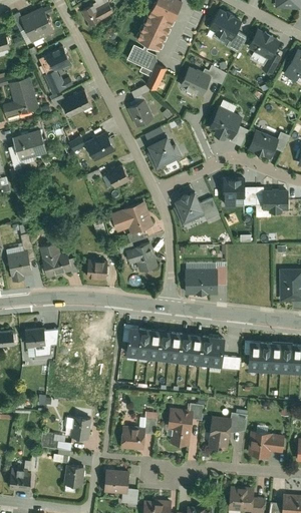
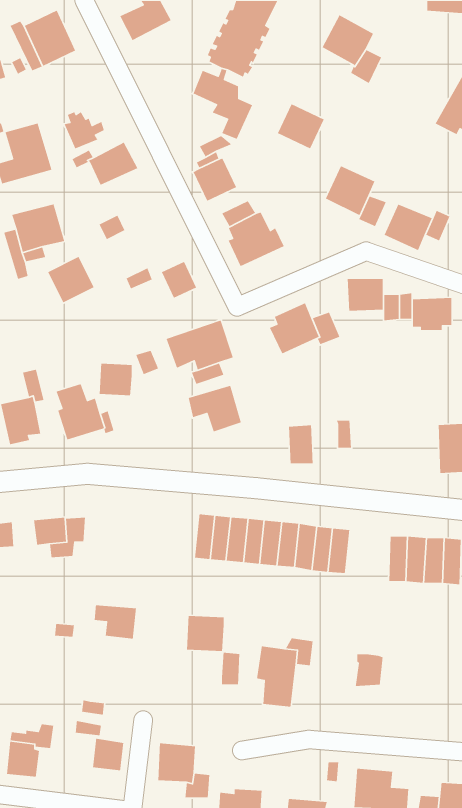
building: [248,30,279,58] -> none
building: [42,46,71,73] -> none
building: [85,131,115,161] -> [47,256,95,304]
building: [85,259,106,280] -> [99,363,132,396]
building: [202,269,219,294] -> none
building: [208,416,231,450] -> none
building: [63,418,90,440] -> [94,604,137,639]
building: [246,424,283,457] -> none
building: [120,427,144,450] -> [186,615,224,652]

